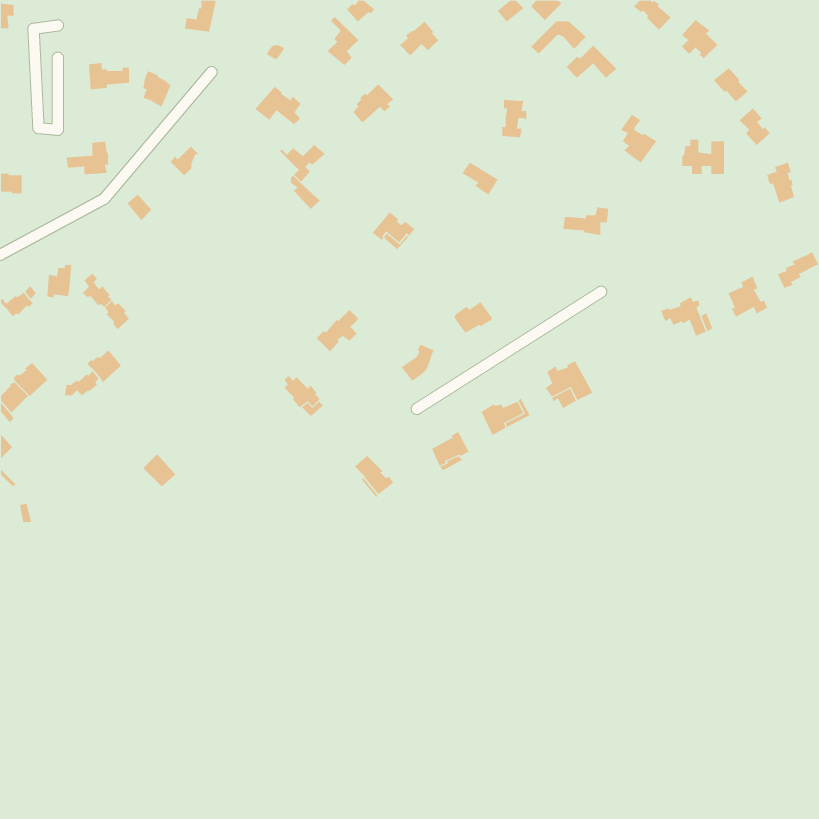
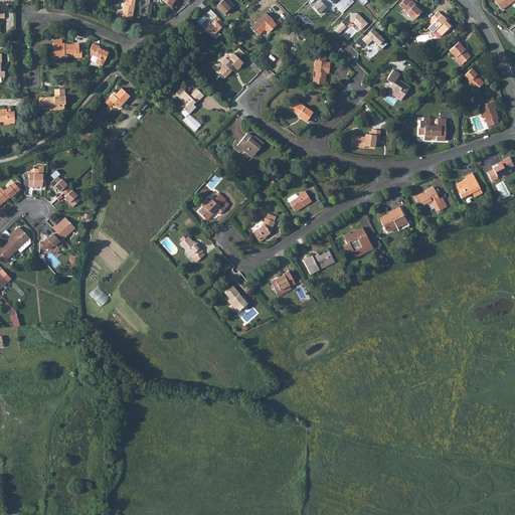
building: [255,86,301,125] -> none
building: [682,139,725,175] -> [419,119,447,141]
building: none -> [379,205,408,230]

